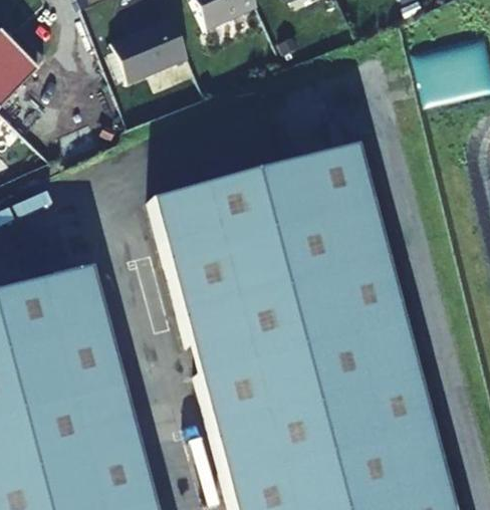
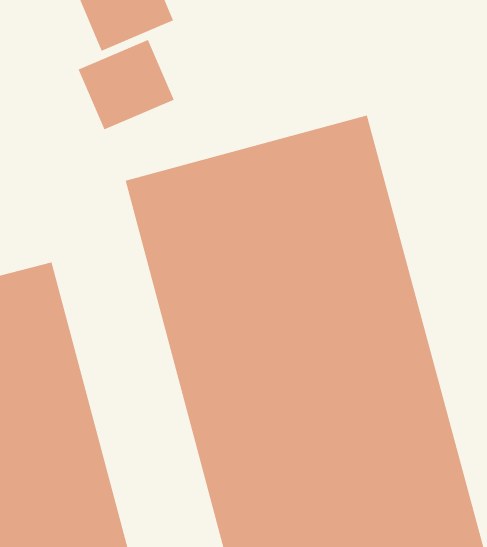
building: none -> [78,39,175,130]

